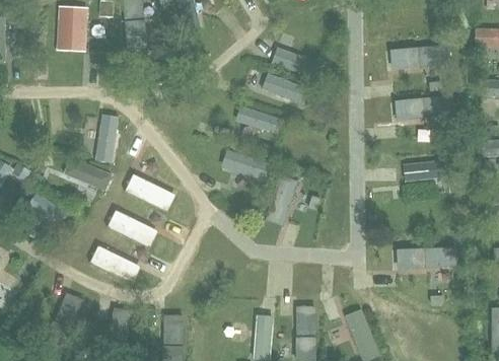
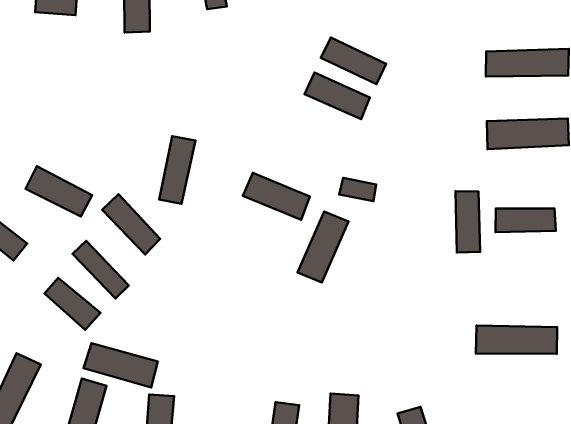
building: [238,106,281,134] -> none
building: [95,113,119,161] -> [159,136,196,204]
building: none -> [455,191,480,253]
building: none -> [84,343,158,387]

